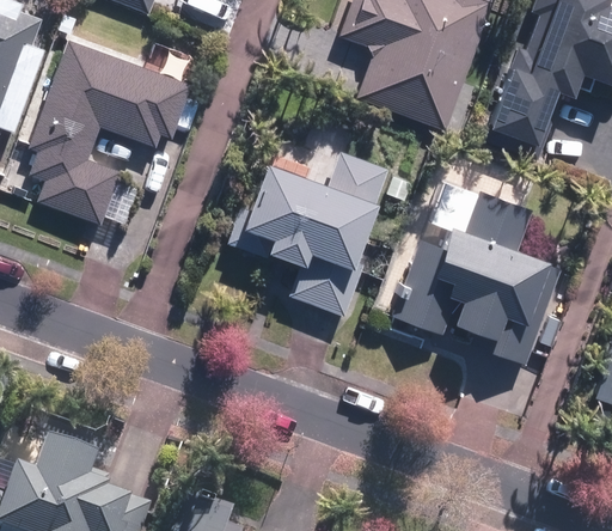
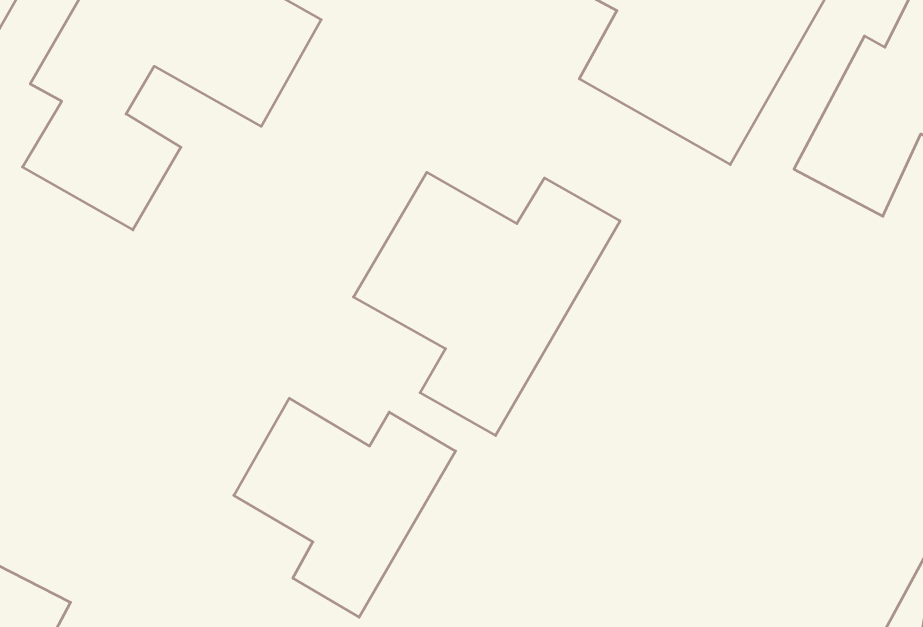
building: [394,187,562,365] -> none
building: none -> [234,398,456,617]

